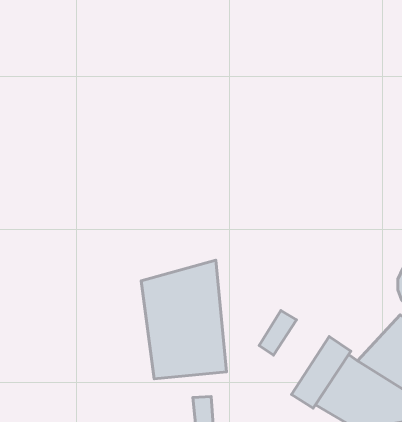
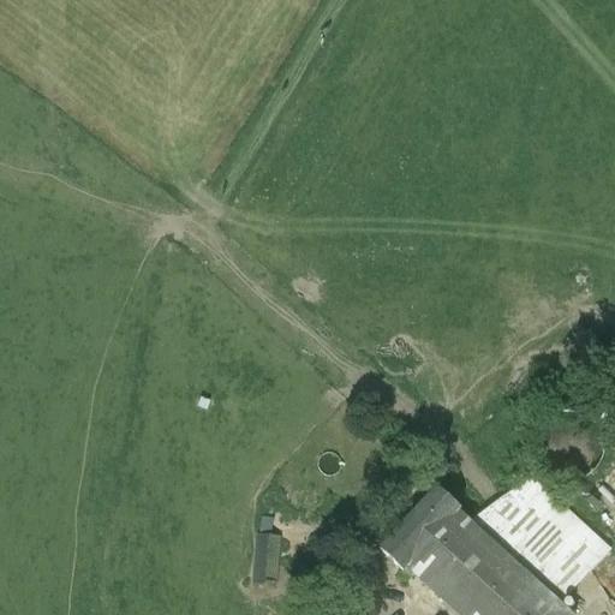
building: [141,260,227,379] -> none
building: [259,310,297,355] -> none

